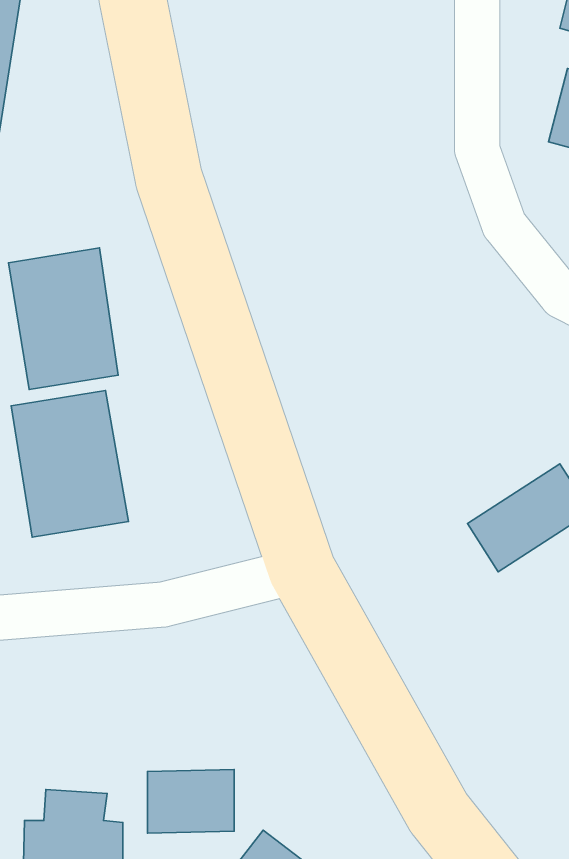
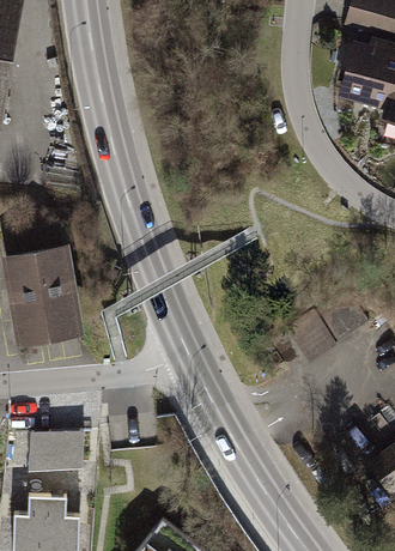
building: [9,248,118,389] -> none
building: [147,769,234,833] -> [31,426,85,466]

